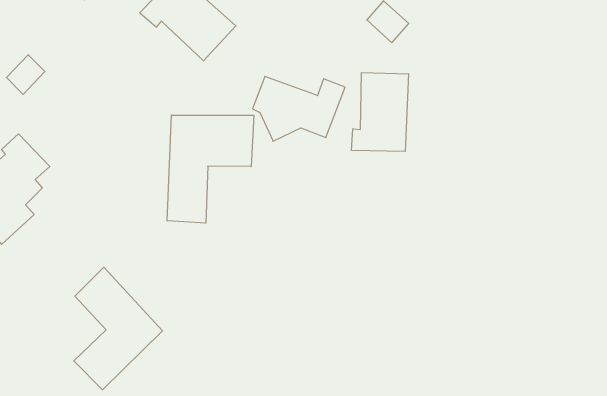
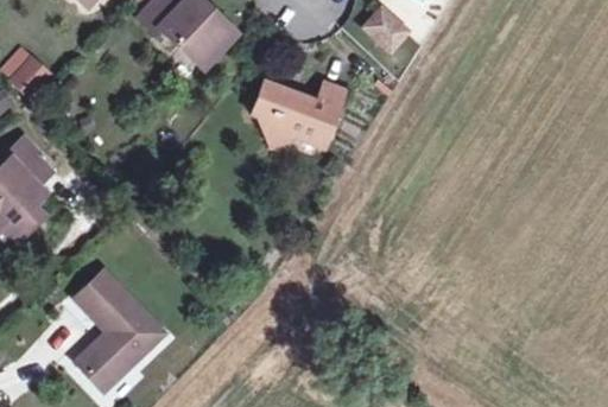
building: [352,73,408,151] -> none
building: [167,115,254,223] -> none

